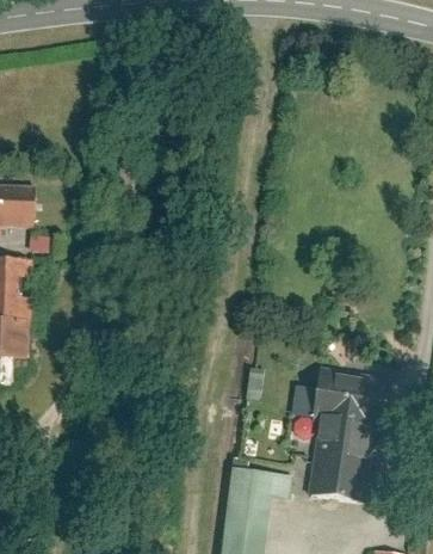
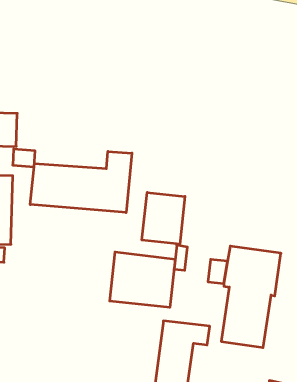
building: none -> [30,151,132,213]
building: none -> [142,192,185,244]
building: none -> [110,252,175,307]

